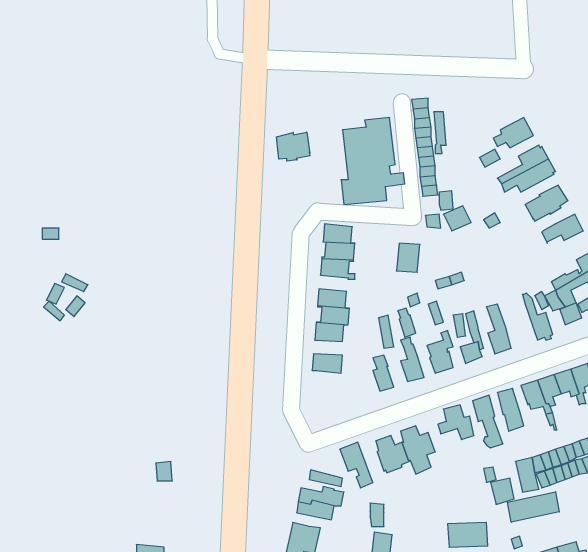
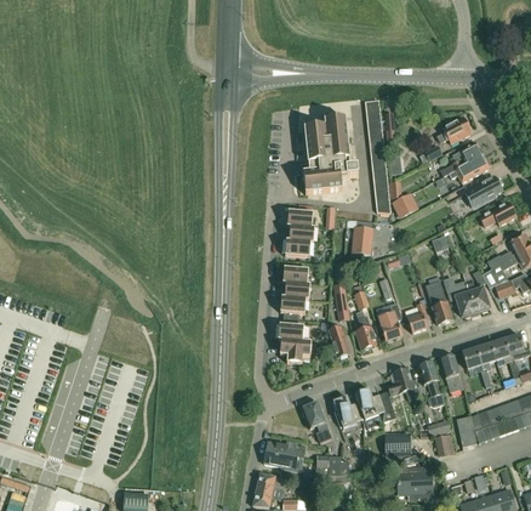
building: [277,132,310,161] -> none
building: none -> [445,277,475,317]
building: none -> [280,339,312,363]
building: none -> [386,435,411,456]
building: [508,492,559,522] -> none

